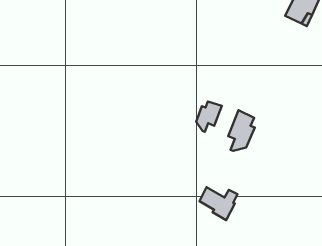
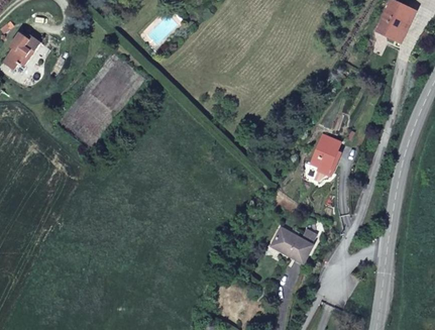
building: [196,101,222,132] -> none

